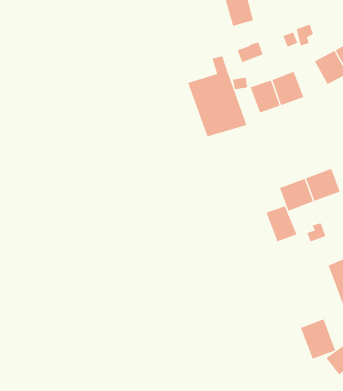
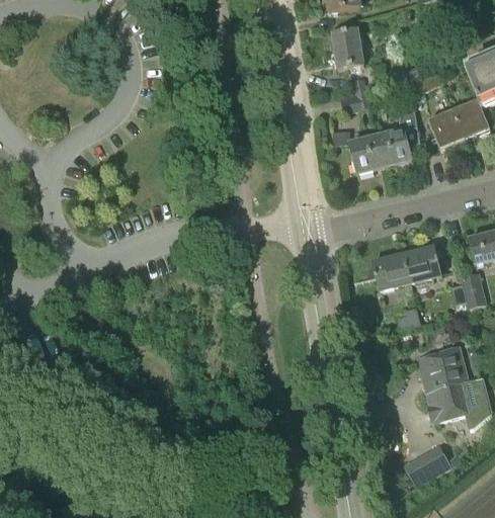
building: [188,55,247,137] -> none
building: [266,205,297,242] -> none
building: [300,318,336,360] -> none

